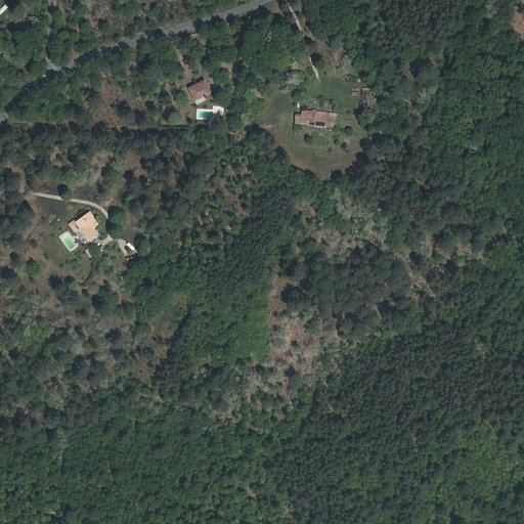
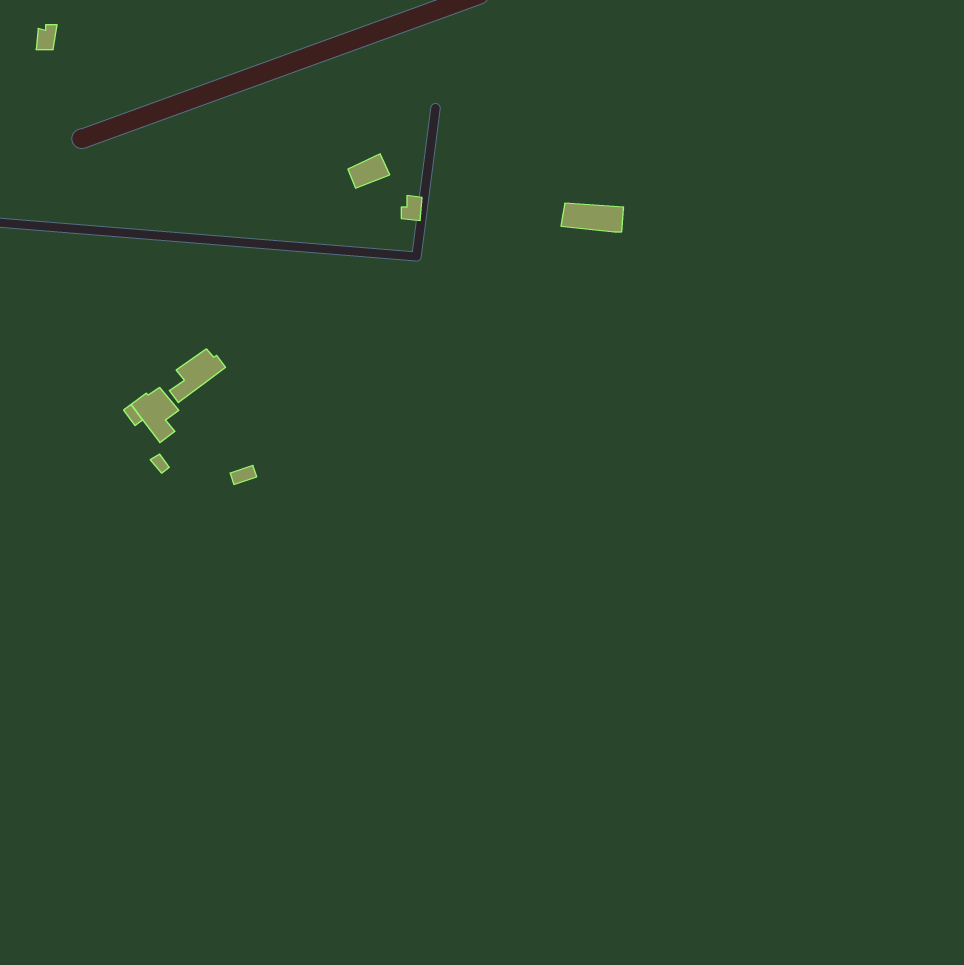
building: none -> [169,349,225,403]

